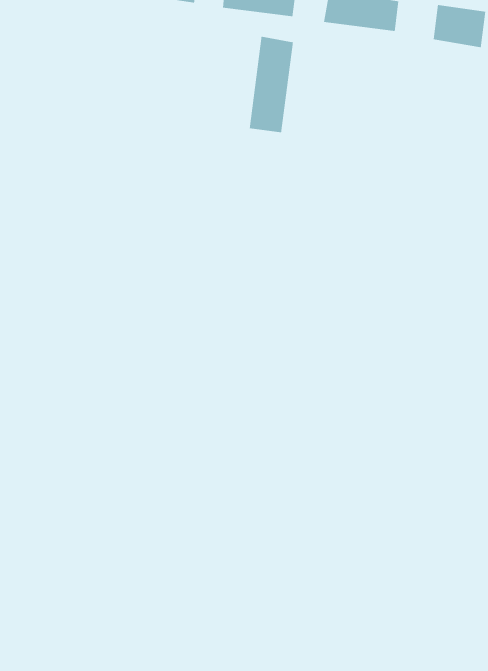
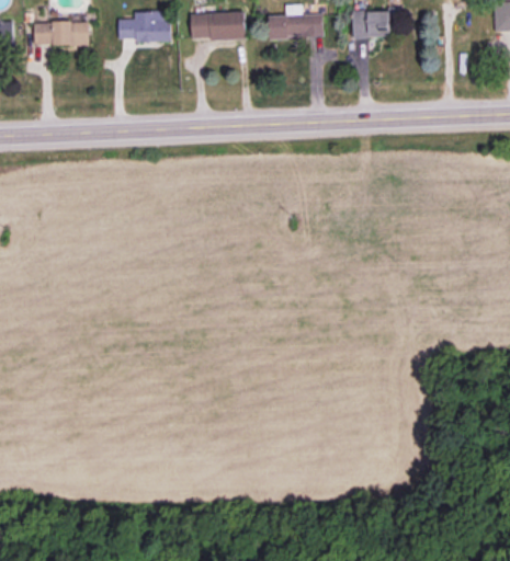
building: [249,36,293,133] -> none

